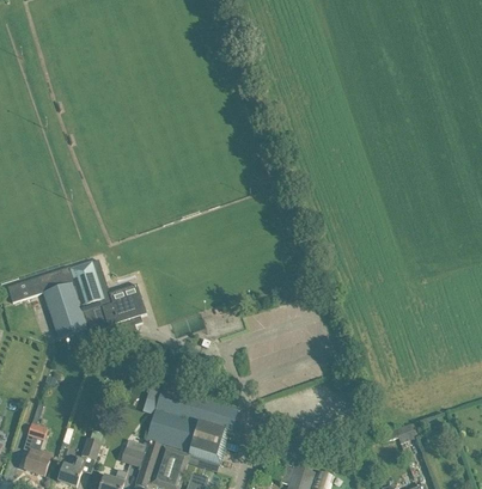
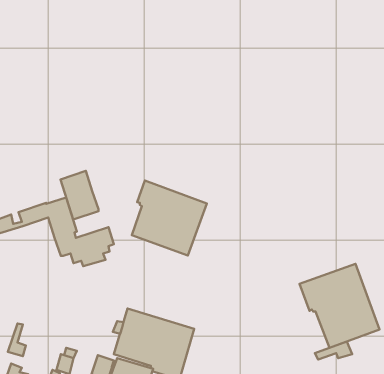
building: none -> [132,181,207,256]
building: [43,282,86,337] -> [60,171,99,220]
building: none -> [299,264,379,348]

